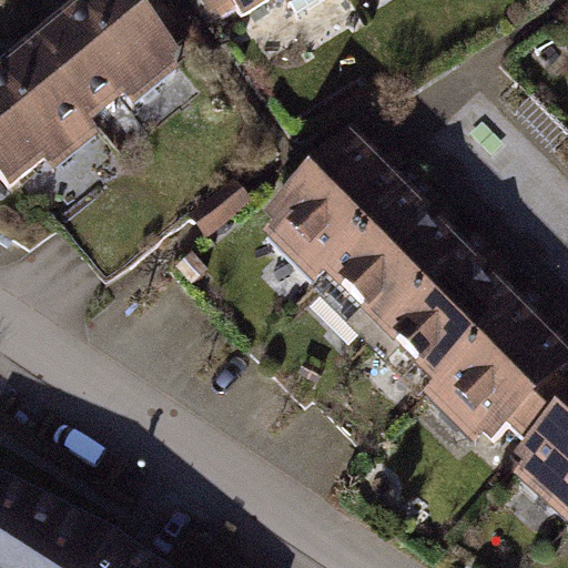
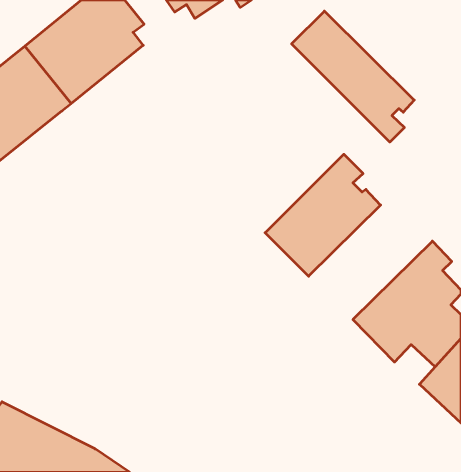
building: none -> [292,11,414,142]
building: [263,143,413,280] -> none
building: [371,239,510,384] -> none

